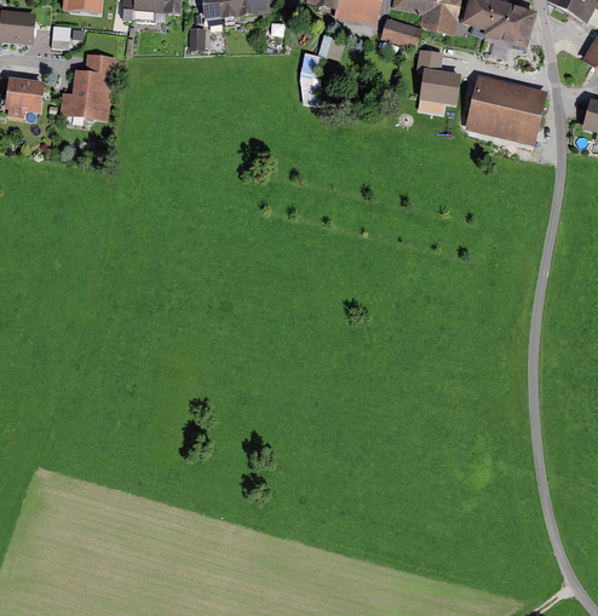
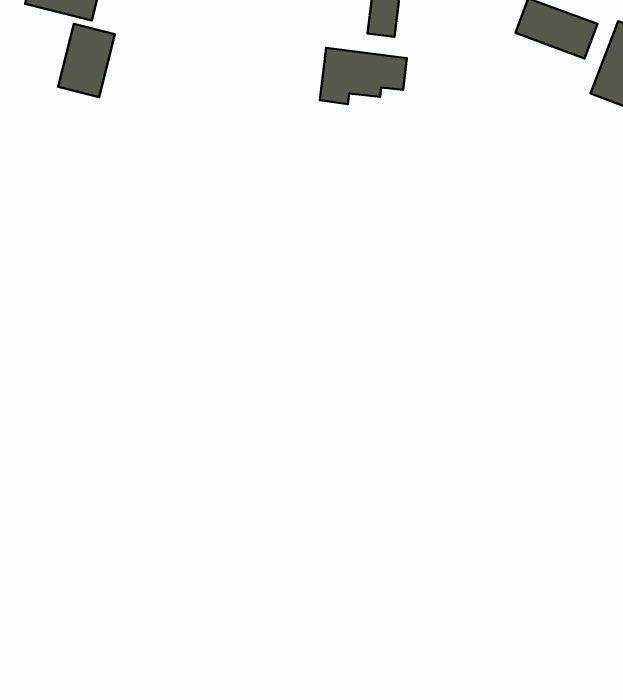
building: none -> [320,48,407,104]
building: none -> [58,24,115,97]

